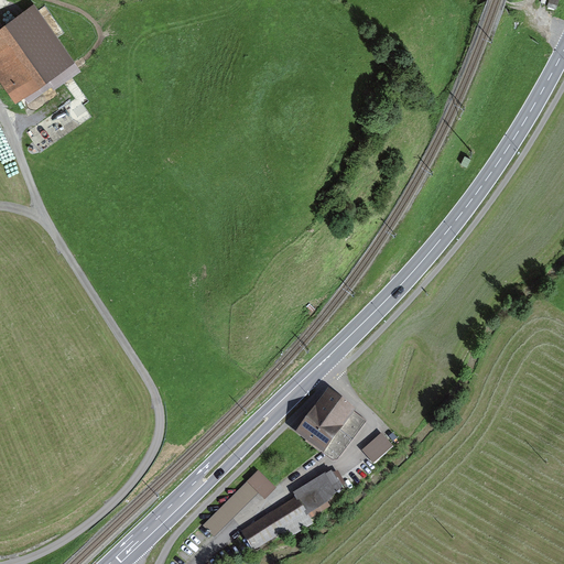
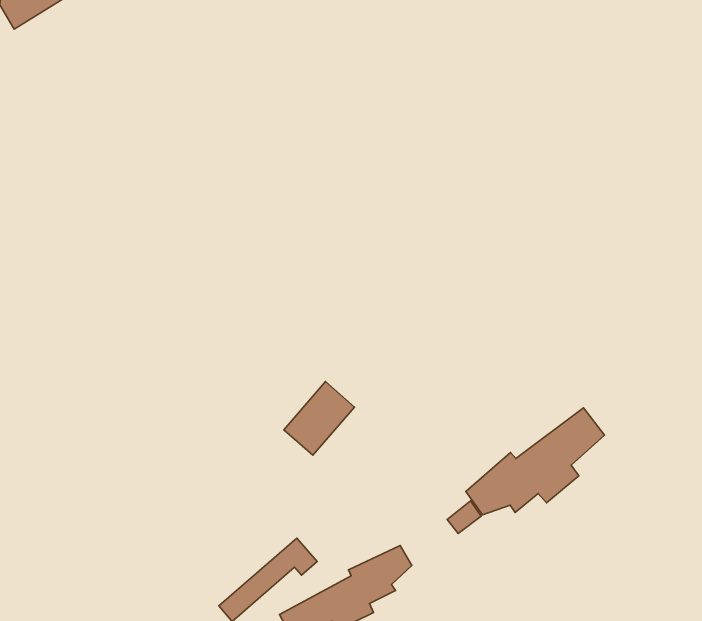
building: none -> [466,408,604,515]
building: [301,389,352,445] -> [284,382,354,455]

